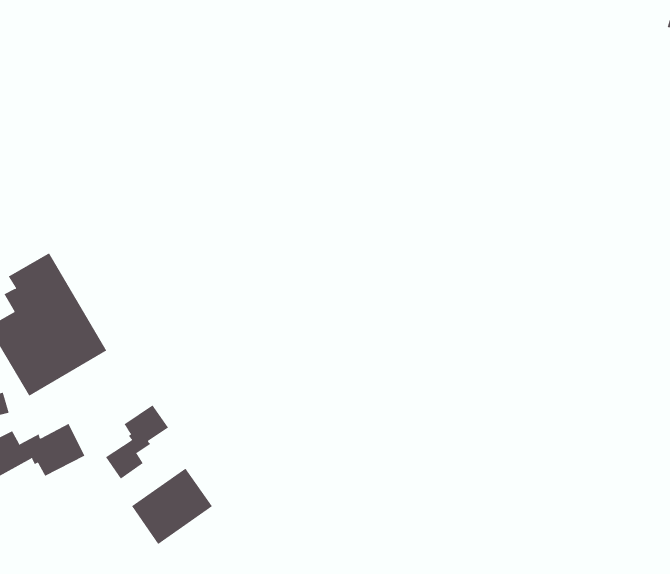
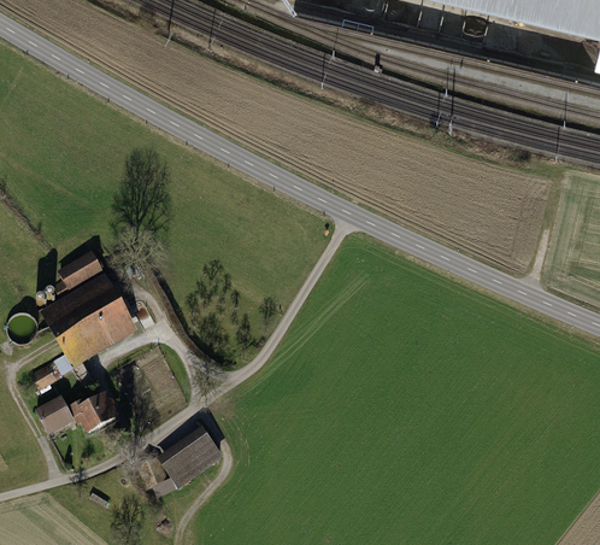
building: [105,405,169,480] -> none

